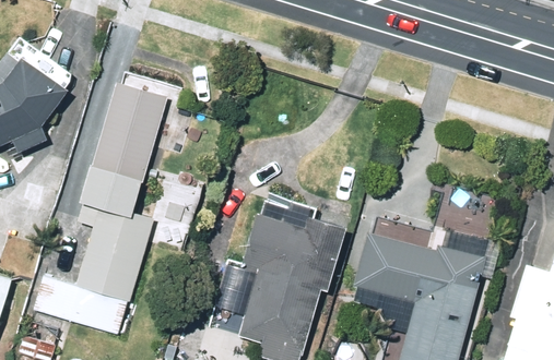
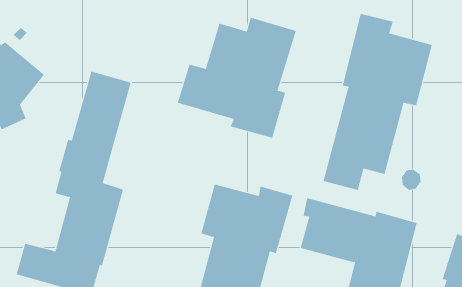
building: none -> [323,13,433,191]
building: none -> [177,17,296,139]

